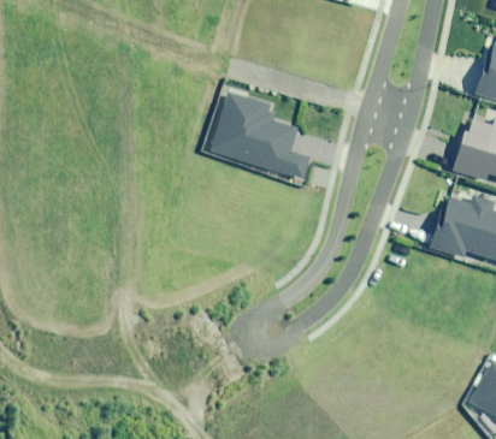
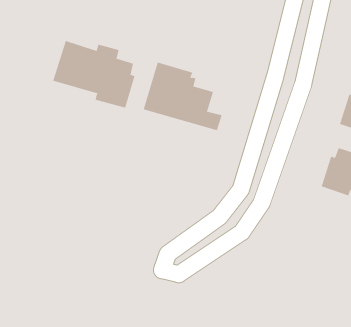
building: none -> [53,40,135,109]

